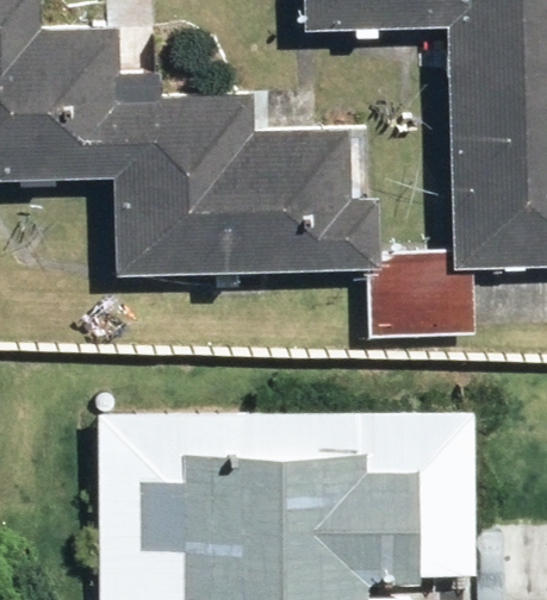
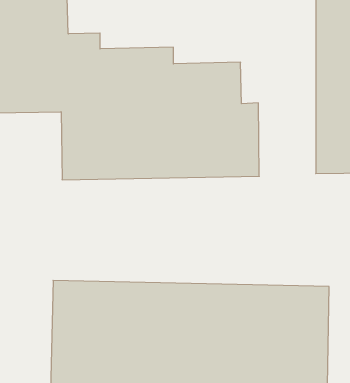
building: [367,254,477,344] -> none

